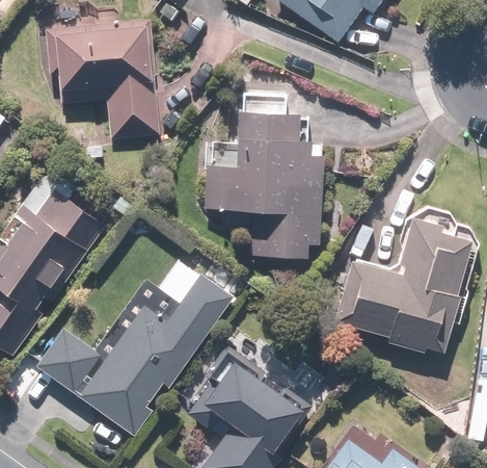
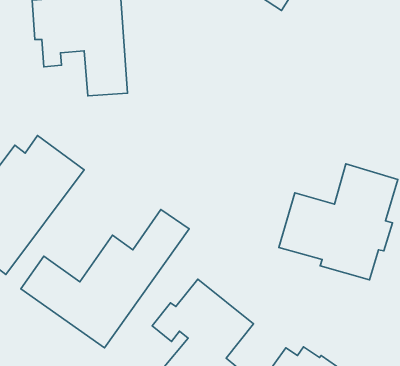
building: [204,93,323,257] -> none

